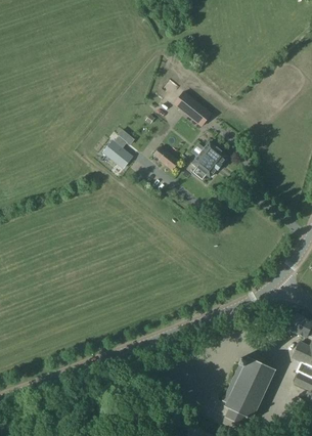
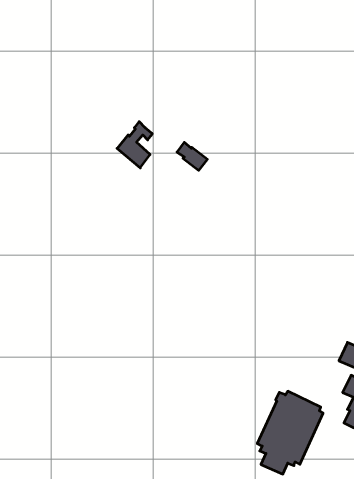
building: [173,92,211,126] -> none
building: [191,141,226,180] -> none

